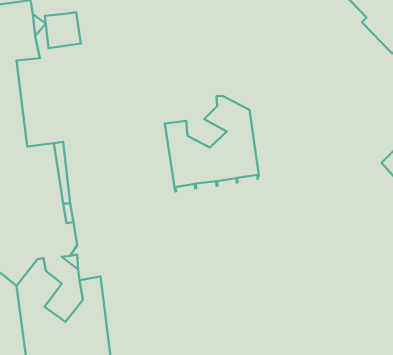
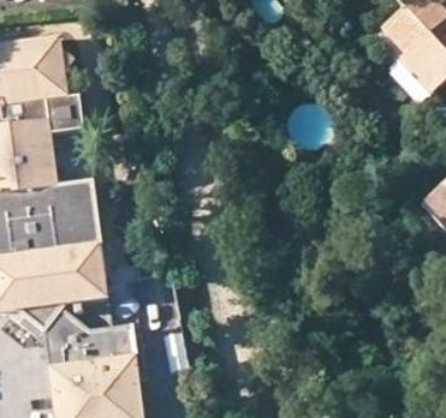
building: [45,12,81,48] -> [46,96,83,133]
building: [165,96,259,192] -> none

